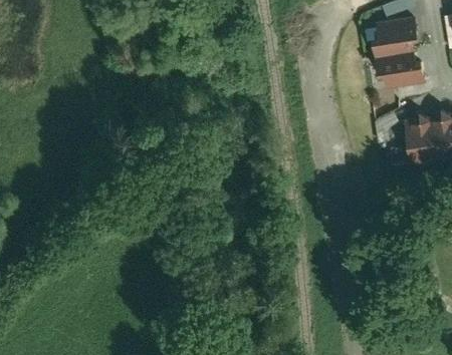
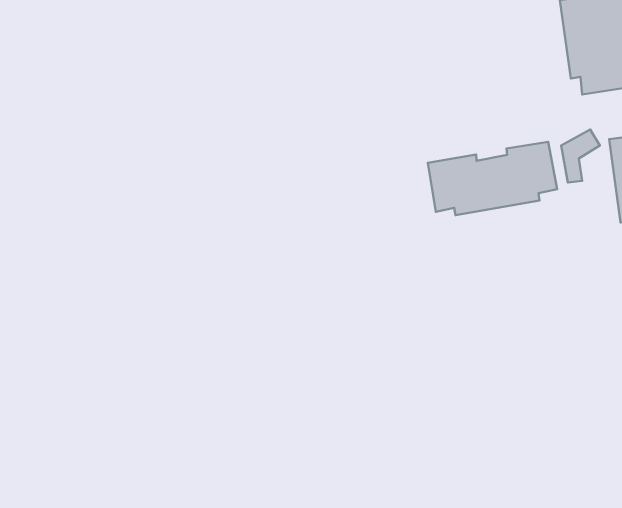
building: none -> [428,142,557,215]

